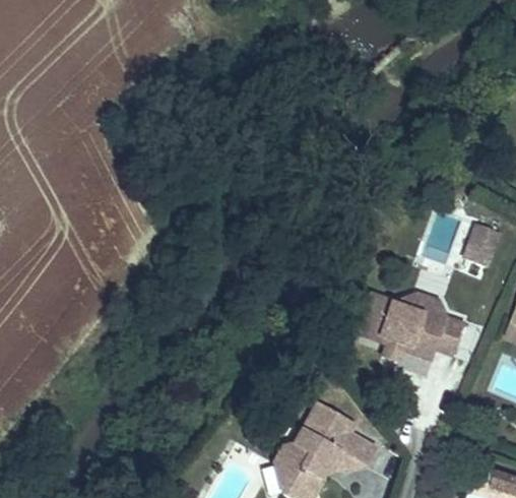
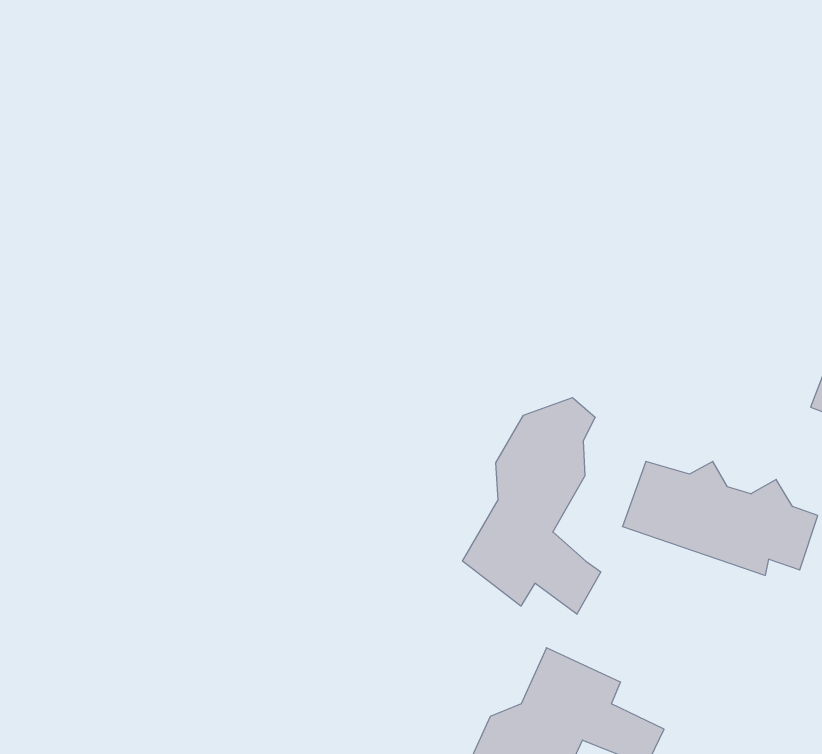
building: none -> [462,398,601,614]

